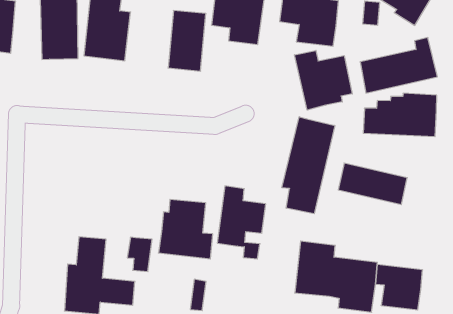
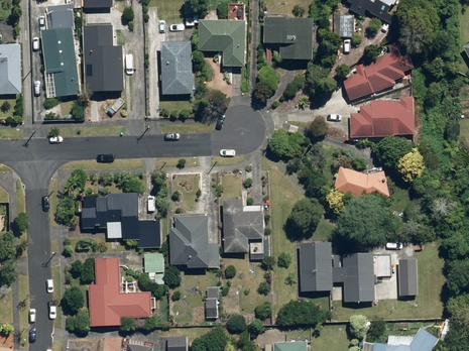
building: [295,50,352,110] -> none
building: [282,117,335,214] -> none
building: none -> [82,192,159,248]

